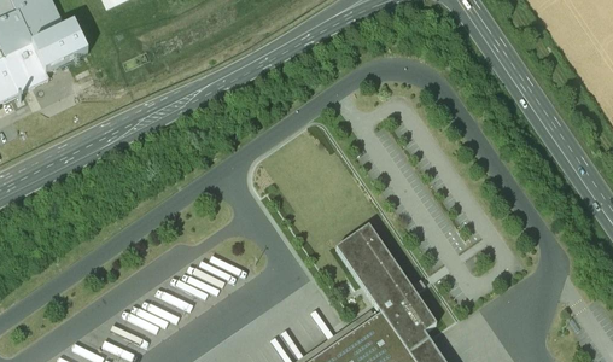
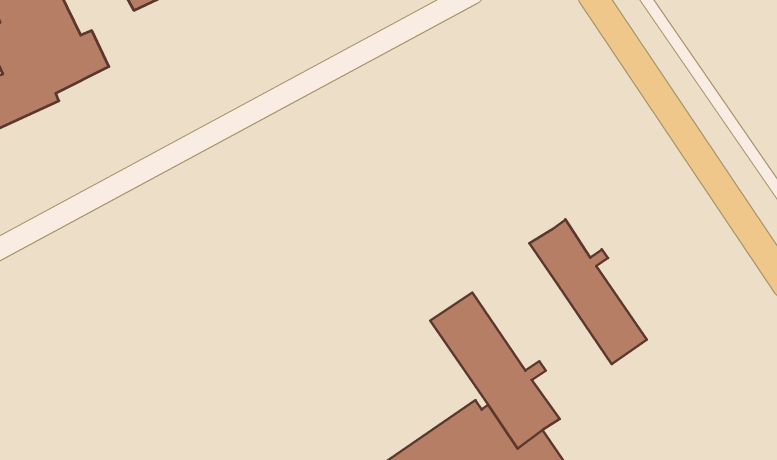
building: none -> [529,219,647,364]

